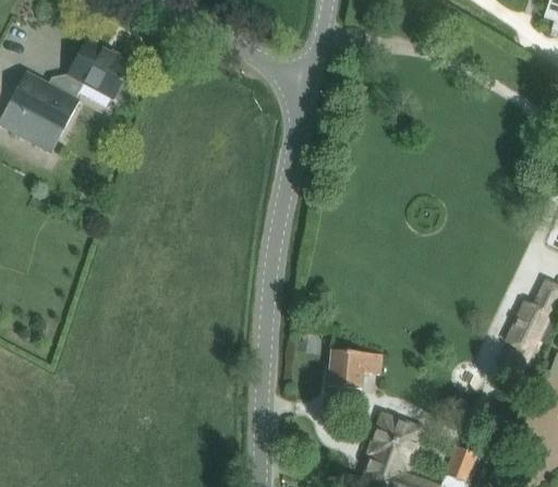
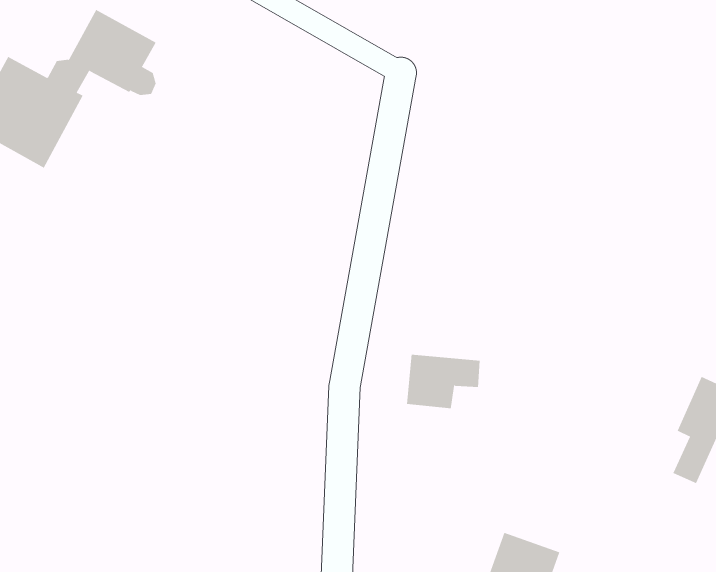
building: [328,349,381,388] -> [406,354,480,409]

